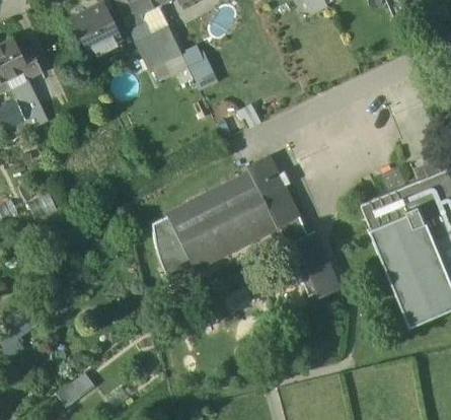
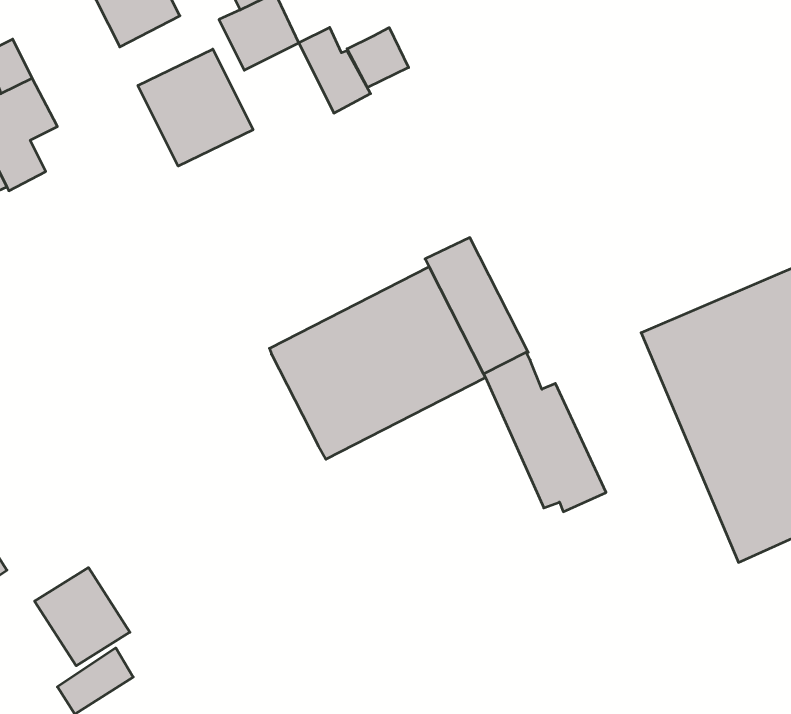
building: none -> [347,28,409,88]
building: none -> [138,49,253,166]
building: [152,217,192,276] -> none
building: none -> [35,568,130,666]

